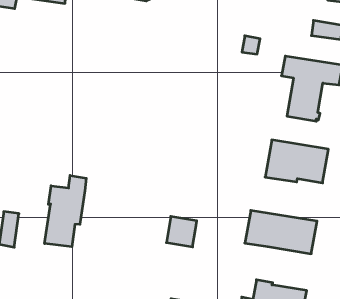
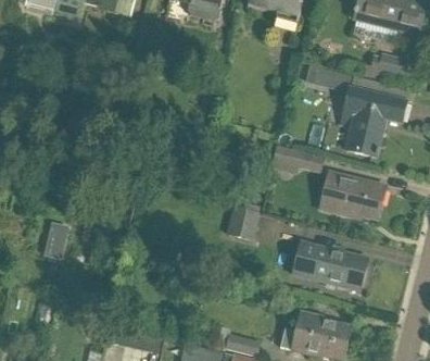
building: none -> [271,145,325,174]
building: [45,175,86,247] -> none
building: [166,216,197,247] -> [226,207,258,239]

